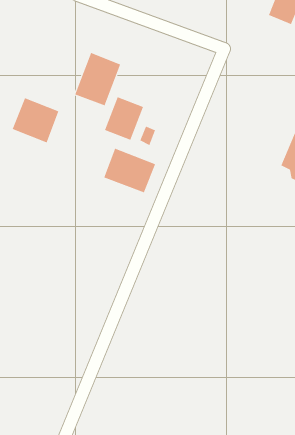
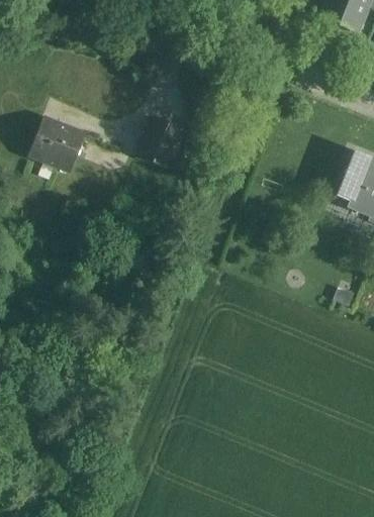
building: [75,52,121,106] -> none
building: [104,148,156,193] -> none

